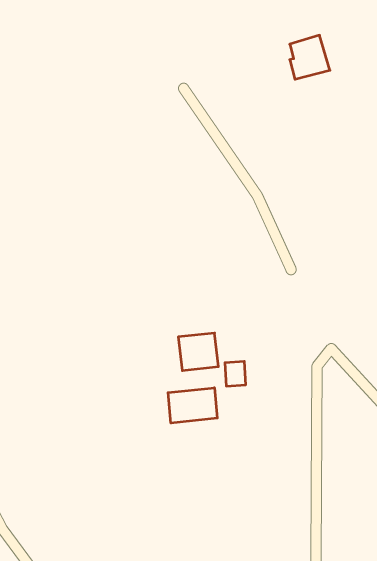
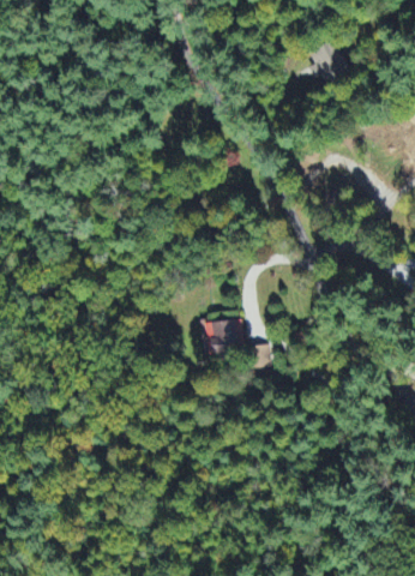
building: [168,388,217,423] -> none

